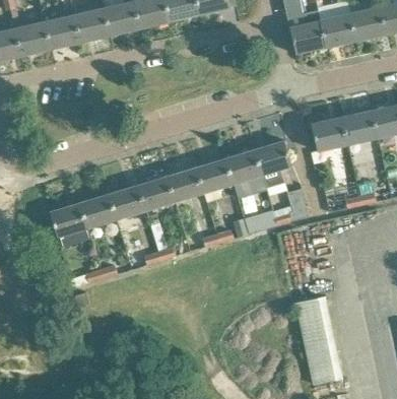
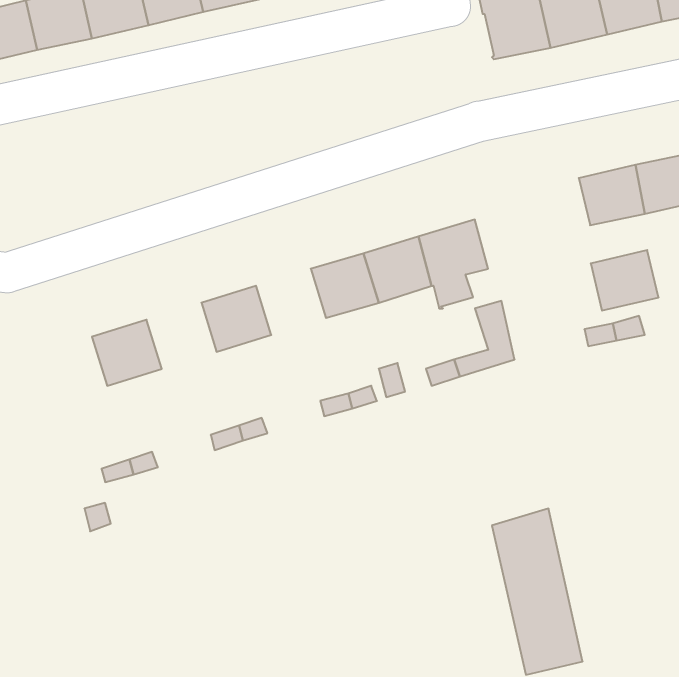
building: [311,118,347,150] -> [591,250,659,311]
building: [168,167,205,202] -> none
building: [109,185,146,220] -> none
building: [50,203,87,238] -> none

